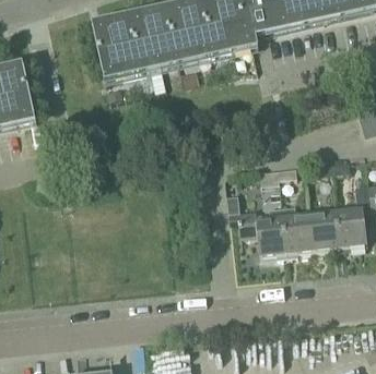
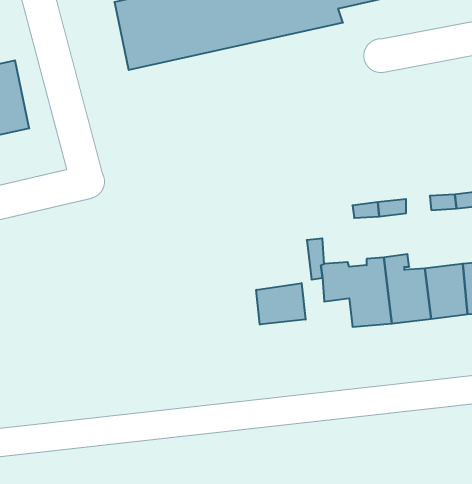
building: none -> [256,283,306,325]

